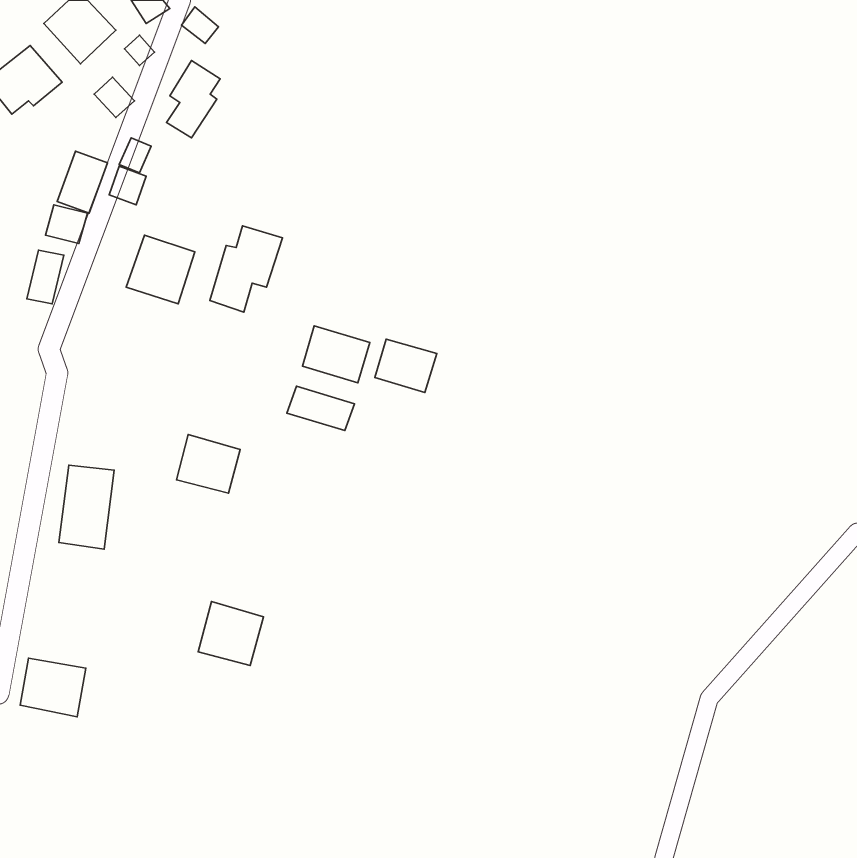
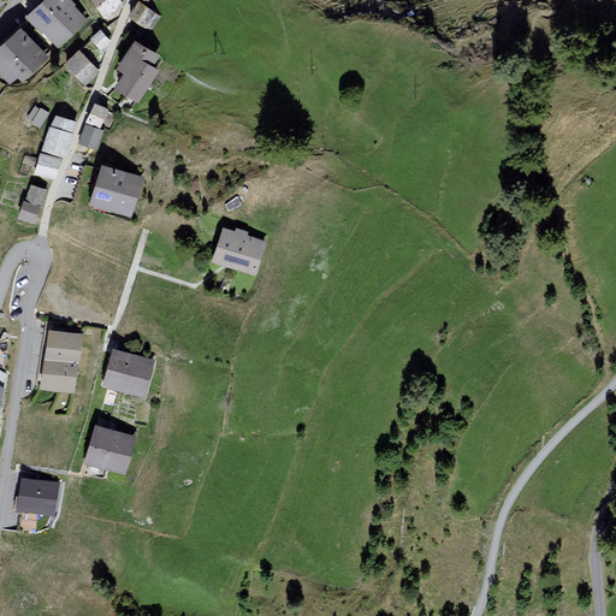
building: [210,226,282,312] -> none
building: [375,339,437,393] -> none
building: [287,386,354,431] -> none
building: [176,434,240,493] -> [107,353,153,395]
building: [198,602,264,665] -> [87,427,134,473]

